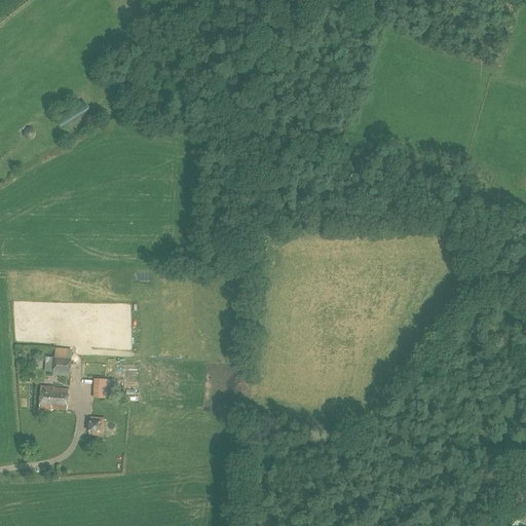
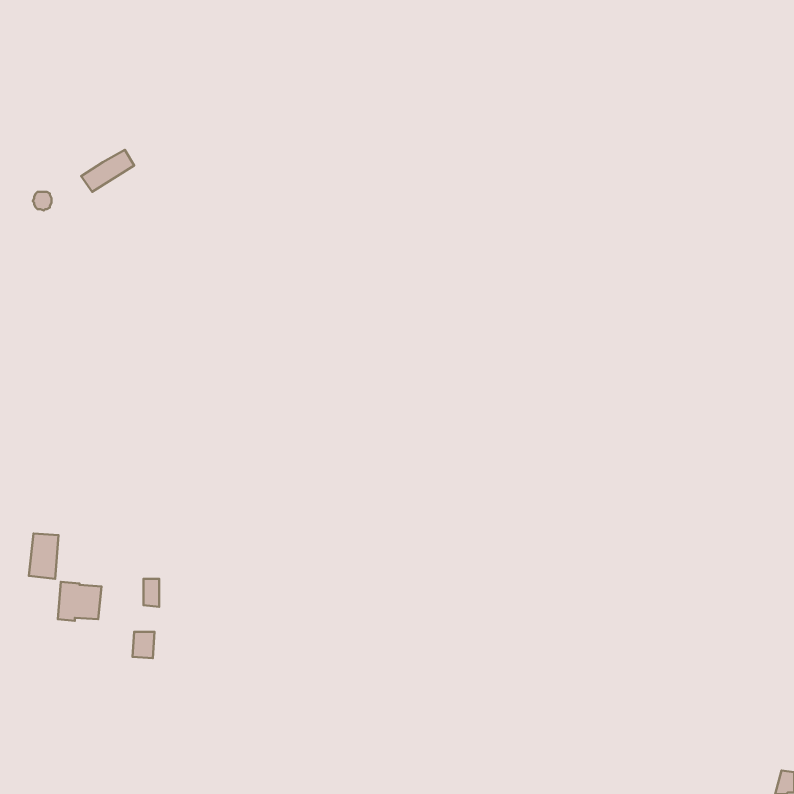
building: [50,345,70,375] -> [29,534,58,579]

